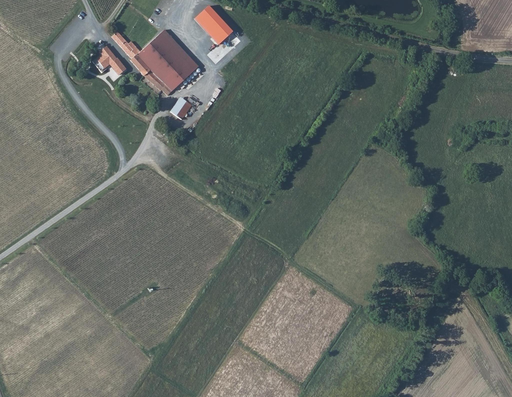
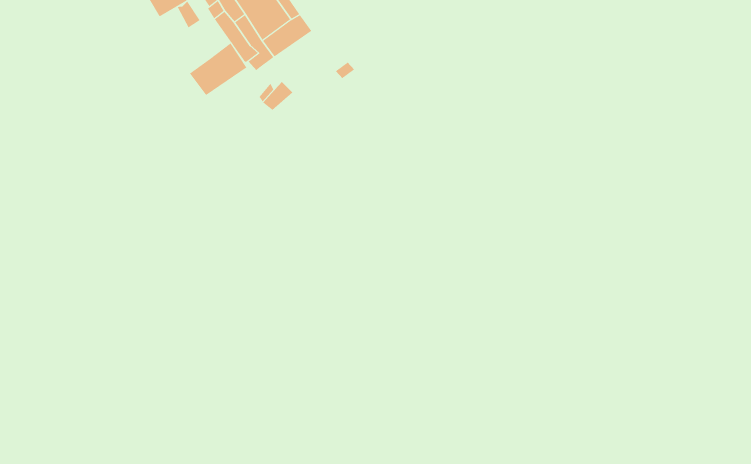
building: none -> [189,43,247,96]

